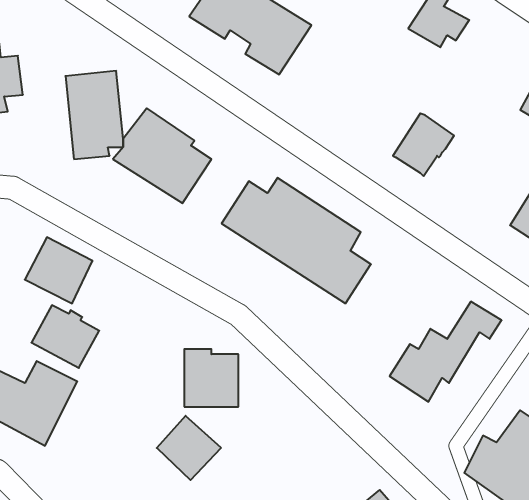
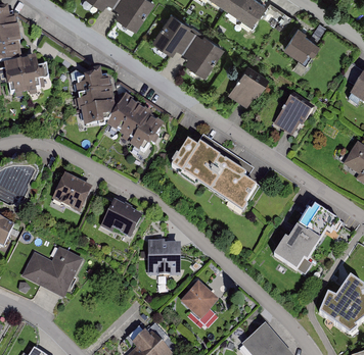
building: none -> [228,68,264,105]
building: [31,305,99,368] -> [101,200,142,238]
building: [157,416,221,480] -> [180,282,219,320]

